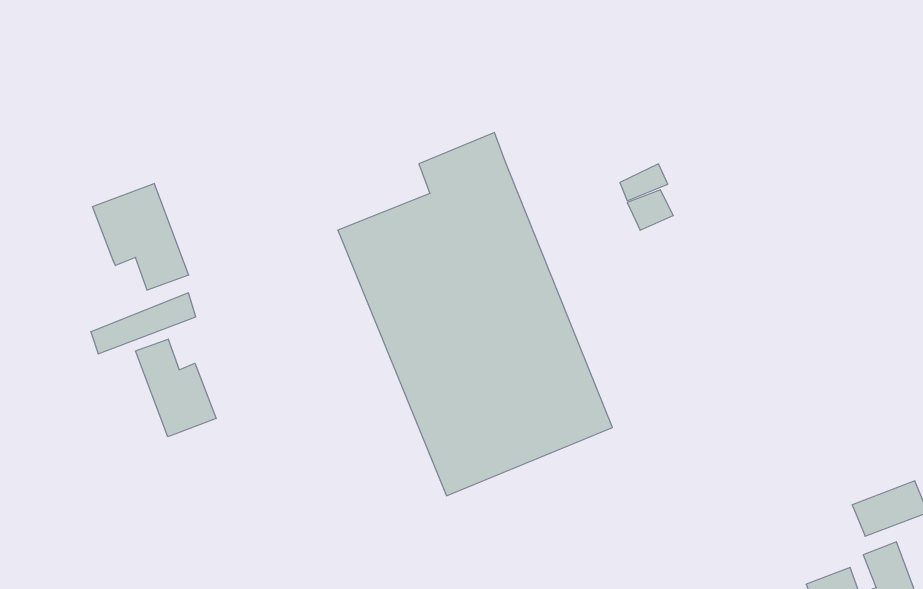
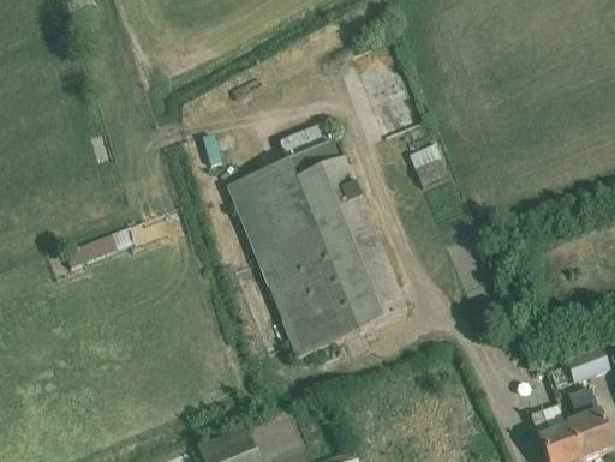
building: [93,183,189,290] -> none
building: [136,339,216,437] -> none

